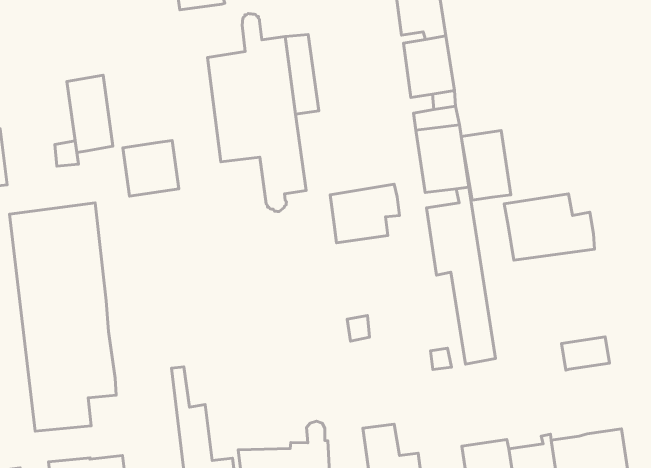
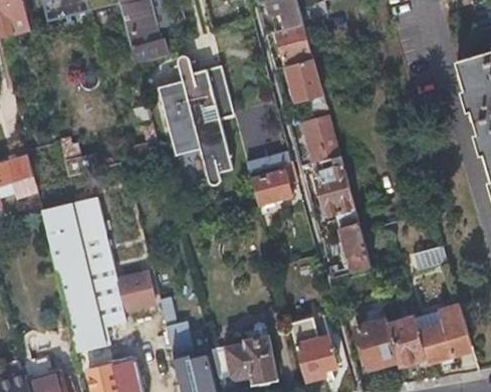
building: [67,75,113,152] -> none
building: [461,130,511,200] -> none
building: [123,140,179,196] -> none
building: [504,194,594,260] -> none
building: none -> [115,271,155,310]

